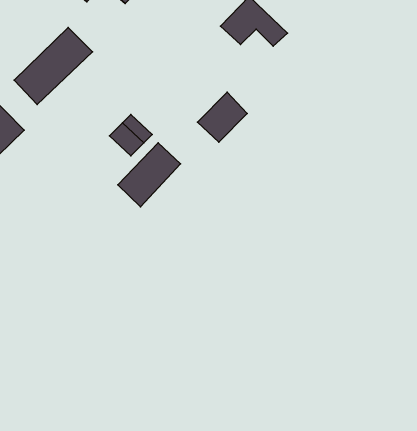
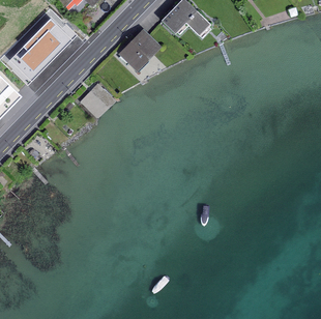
building: [197,92,247,142] -> [120,30,156,66]
building: [118,143,181,207] -> none

